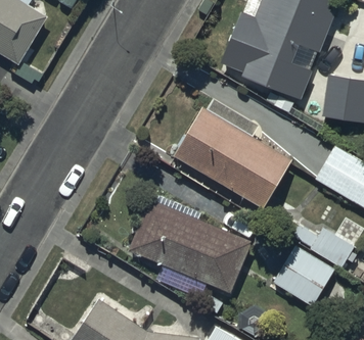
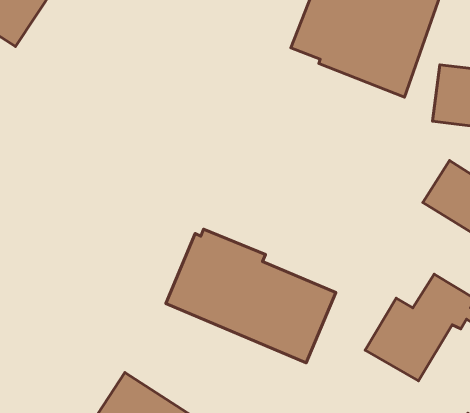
building: [175,107,290,207] -> none

